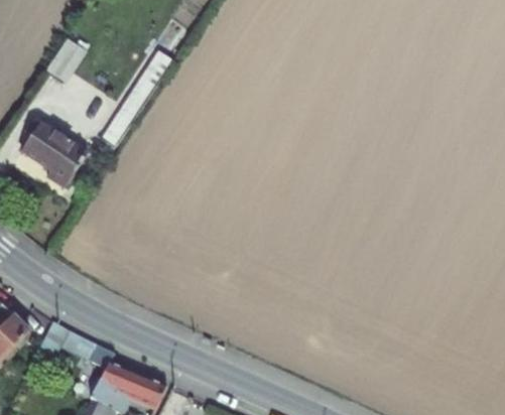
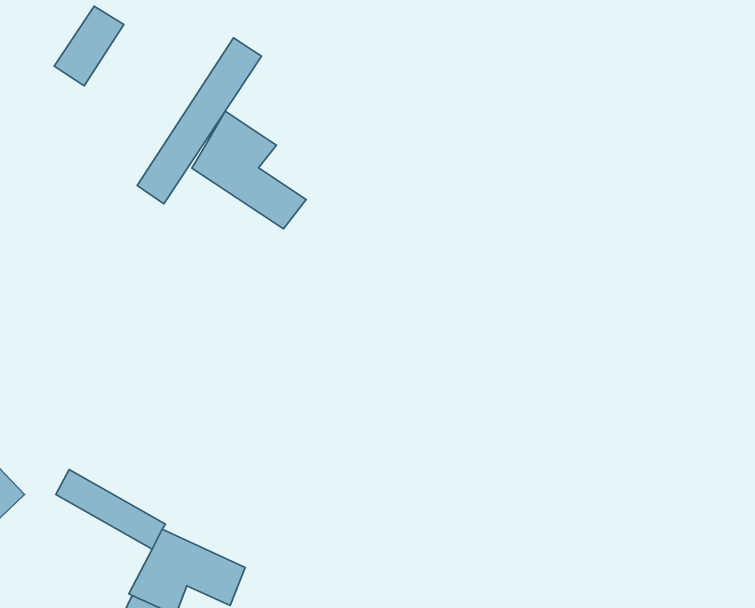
building: none -> [192,111,306,229]
building: [24,131,85,192] -> none

